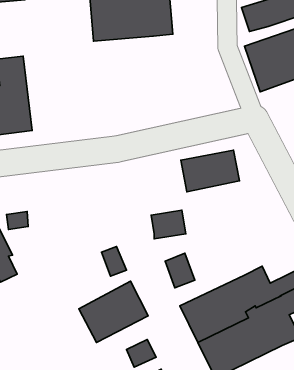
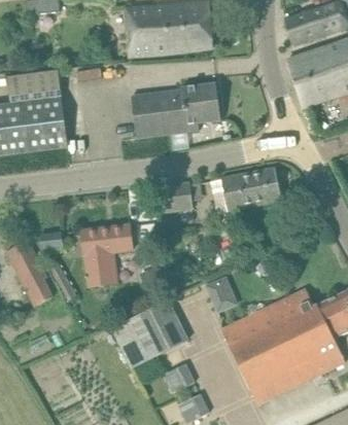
building: none -> [132,82,221,137]
building: none -> [81,223,133,272]
building: [151,210,186,239] -> [163,180,199,210]

